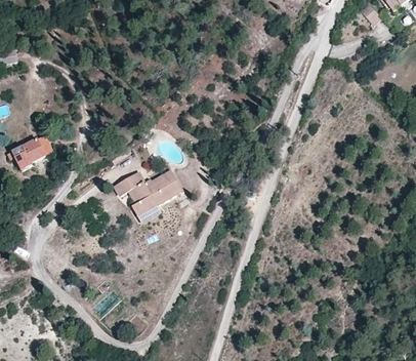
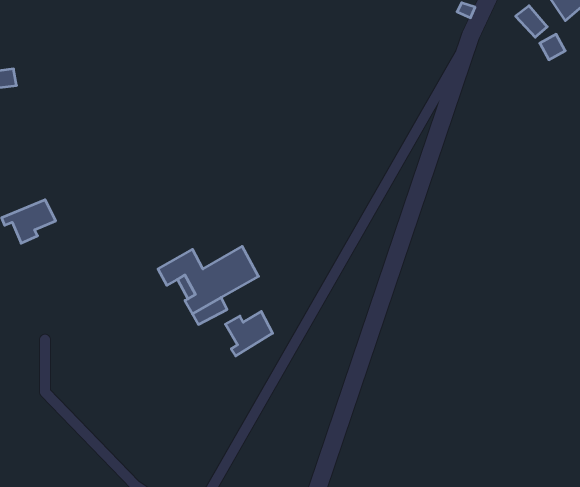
building: none -> [225,311,273,356]

